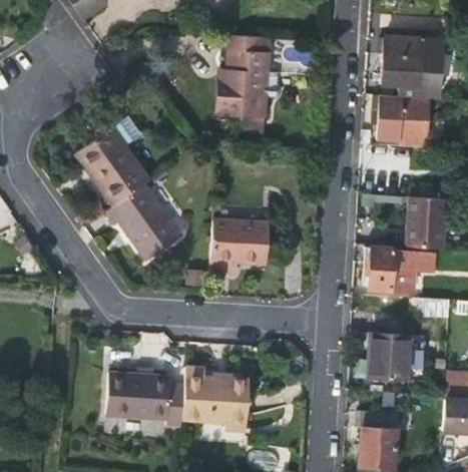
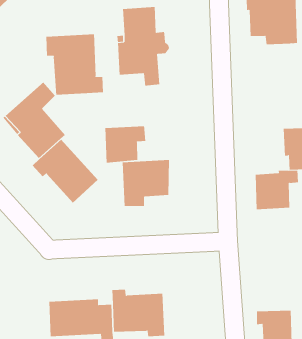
building: none -> [46,34,104,95]
building: [375,95,429,144] -> none
building: none -> [105,125,146,164]
building: [367,333,408,381] -> none

